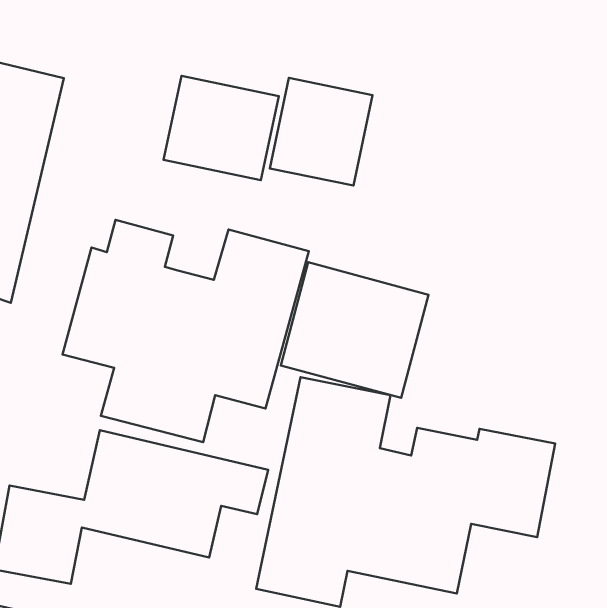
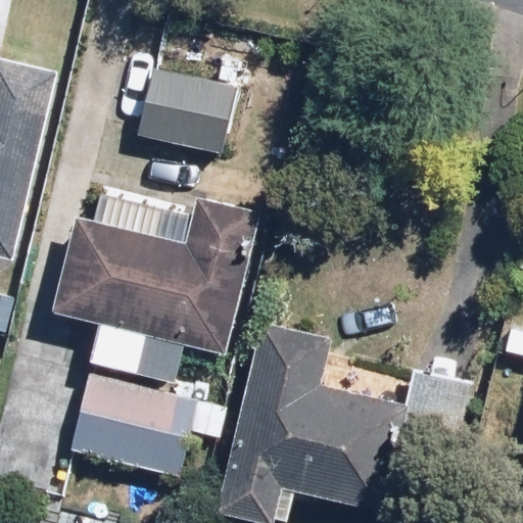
building: [270,78,373,186] -> none
building: [281,262,429,398] -> none

